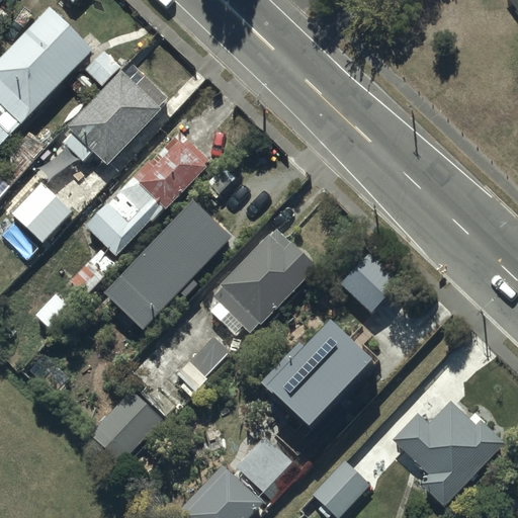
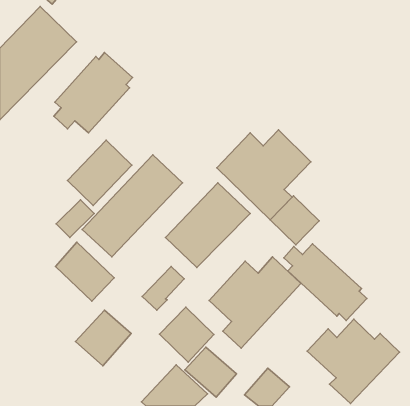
building: [134,137,209,207] -> none
building: none -> [217,130,311,220]
building: [14,183,75,244] -> none
building: none -> [55,242,114,301]
building: none -> [284,244,367,321]
building: none -> [159,307,214,362]

